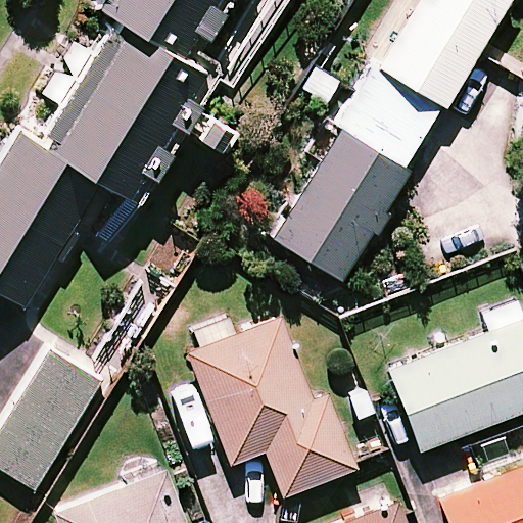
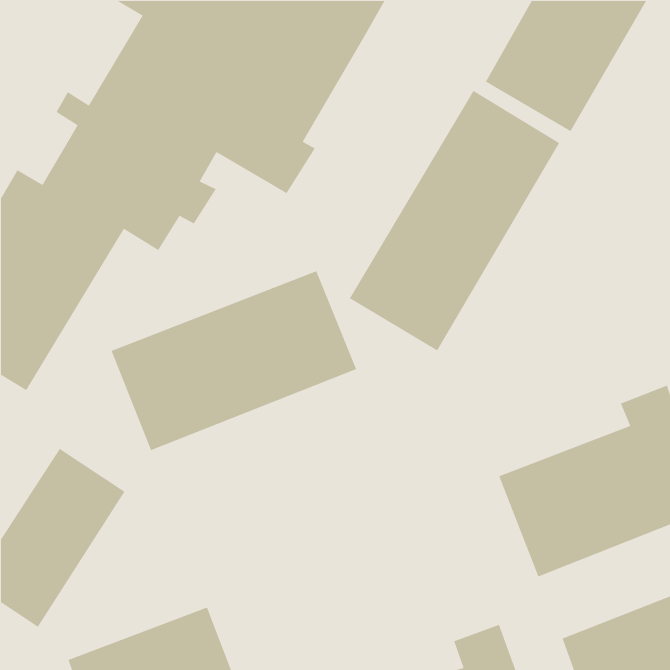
building: none -> [110,270,357,451]
building: [187,316,355,496] -> none

